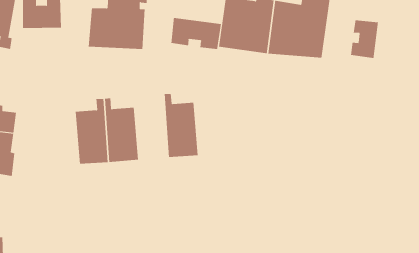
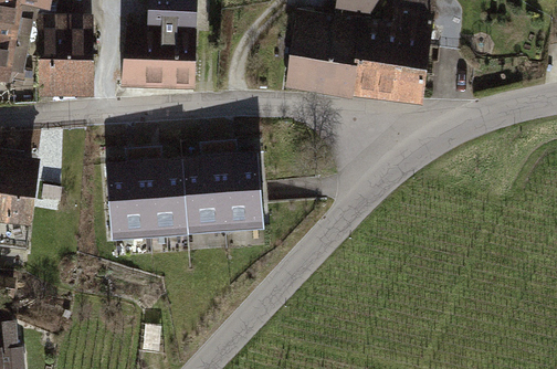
building: [171,17,221,50] -> none
building: [351,19,379,59] -> none
building: none -> [38,61,88,88]
building: none -> [181,145,224,230]

